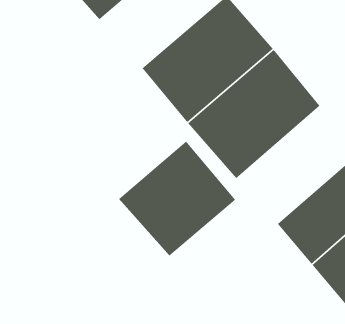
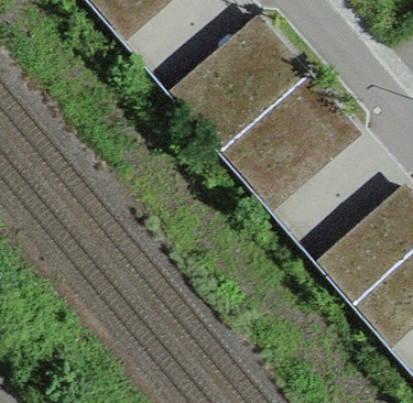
building: [118,141,236,256] -> none

